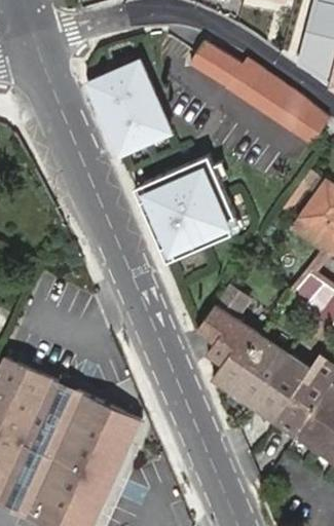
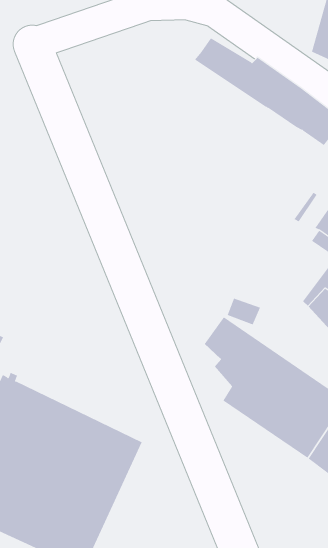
building: [80,58,172,160] -> none
building: [134,156,239,262] -> none

